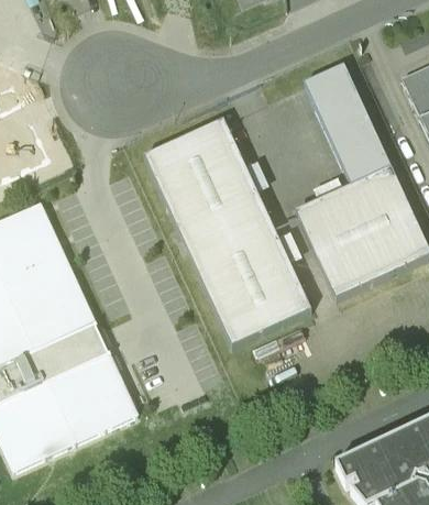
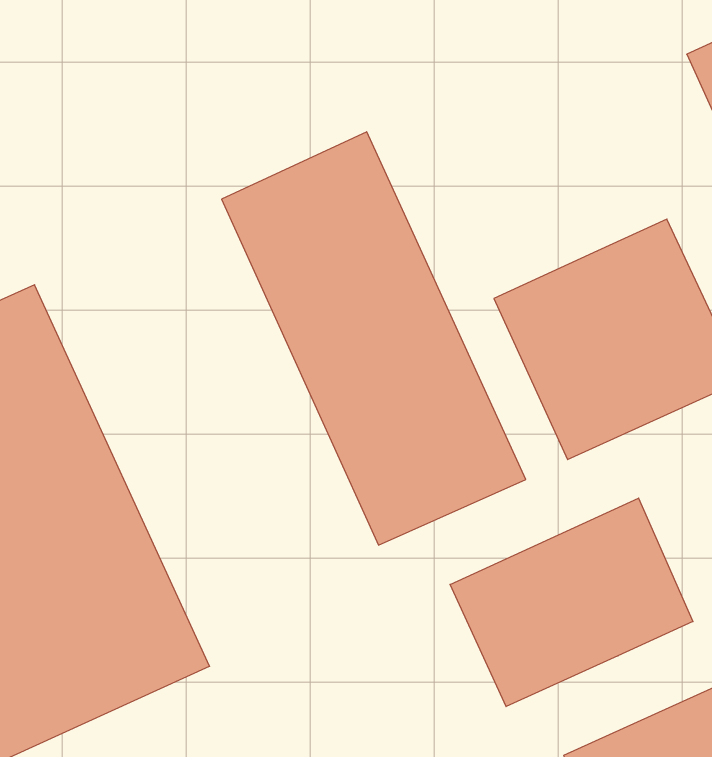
building: [305,63,389,183] -> none
building: none -> [450,498,693,707]

